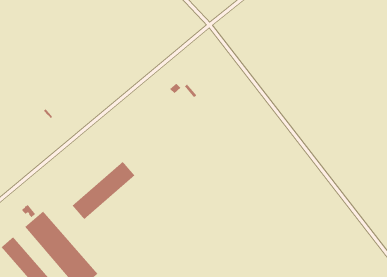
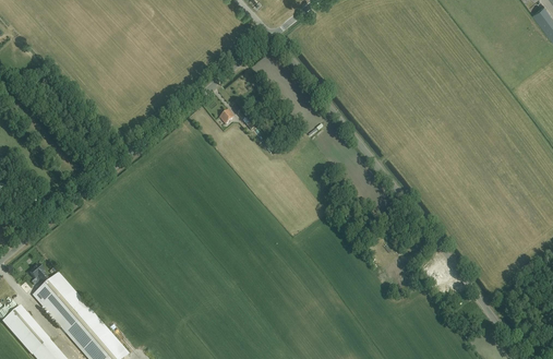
building: [71,161,135,220] -> none

